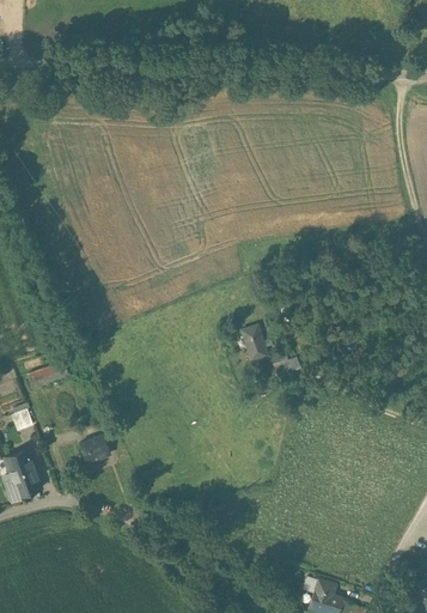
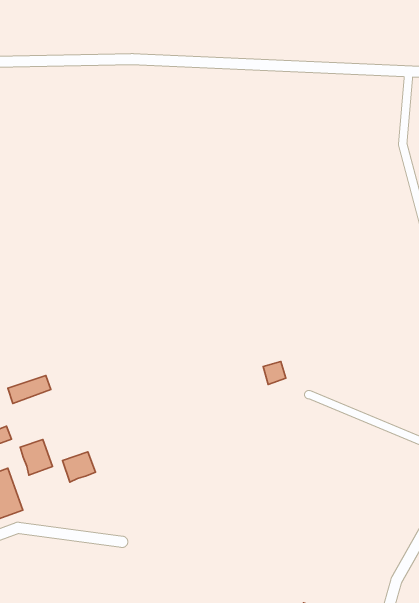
building: [242,327,267,360] -> none
building: none -> [20,439,53,475]

